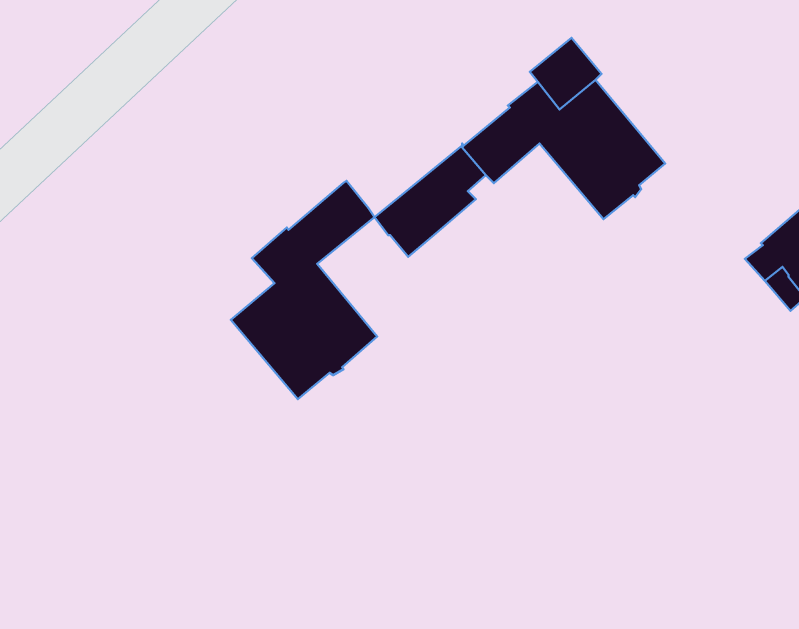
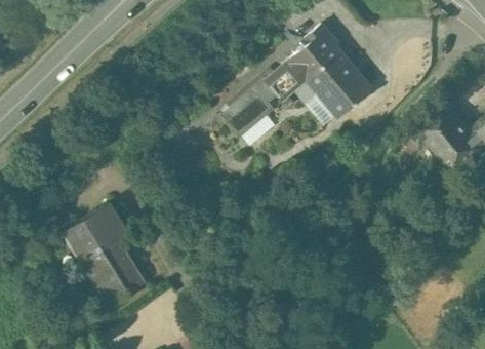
building: [231,181,377,399] -> none
building: none -> [65,204,145,304]

